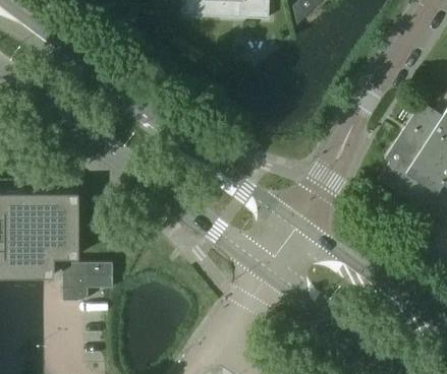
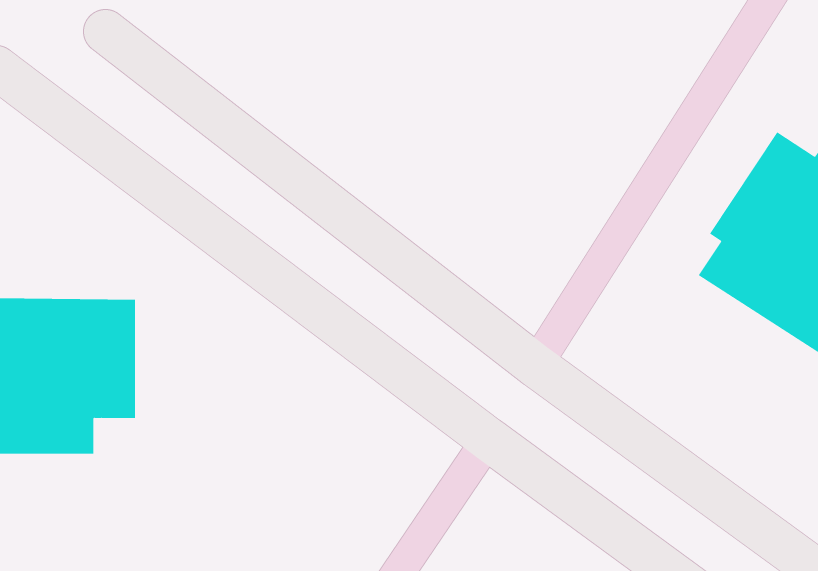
building: [64,263,114,301] -> none

